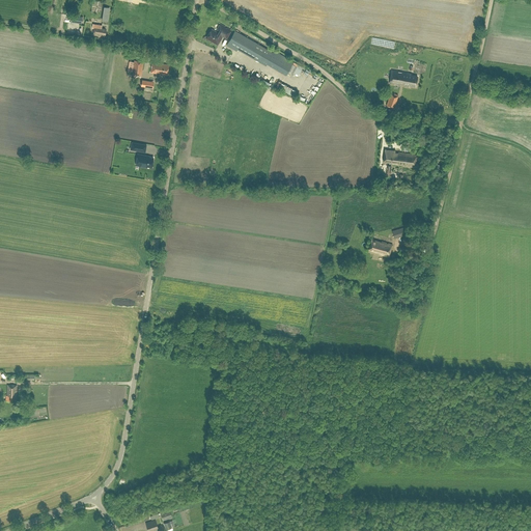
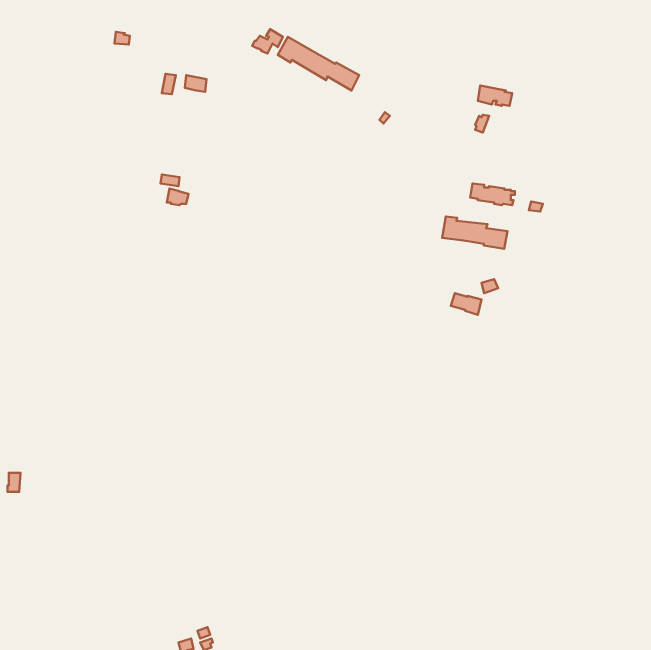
building: none -> [442,216,508,249]

